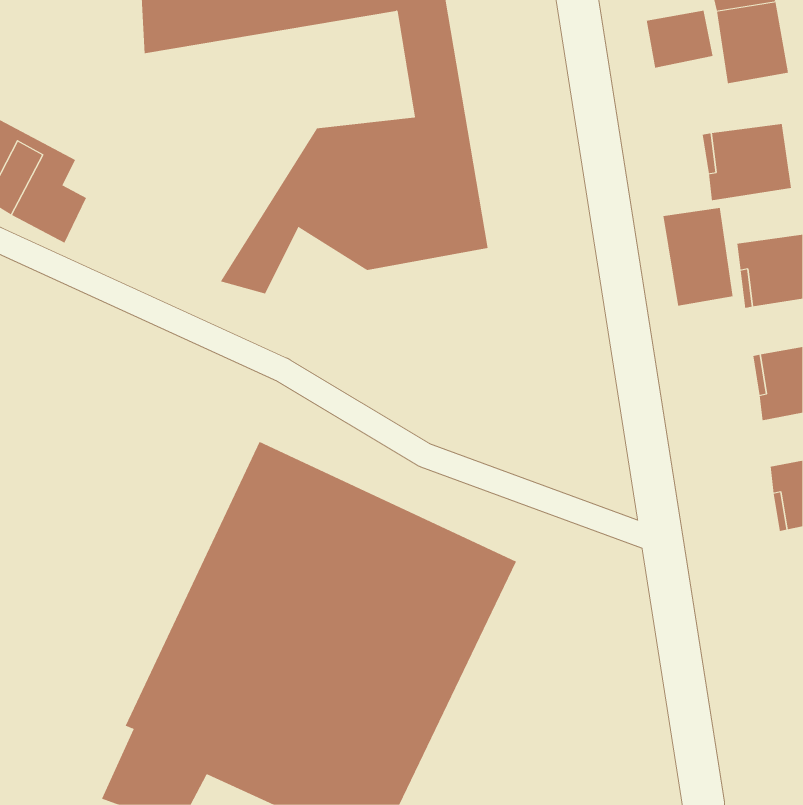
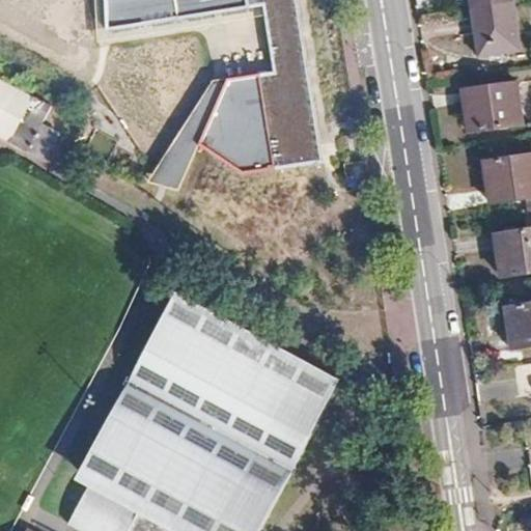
building: [646,10,713,68] -> none
building: [663,207,733,307] -> none

